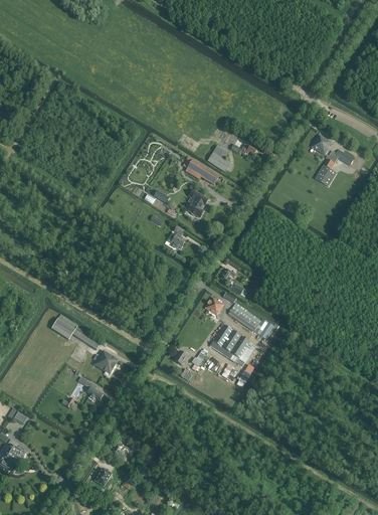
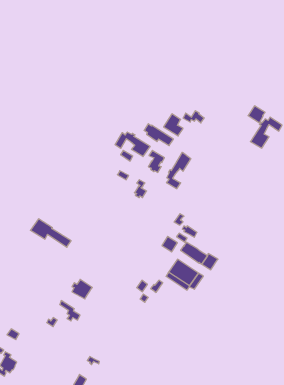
building: none -> [115,132,150,157]
building: none -> [167,152,191,189]
building: [50,315,101,350] -> [30,219,71,247]

